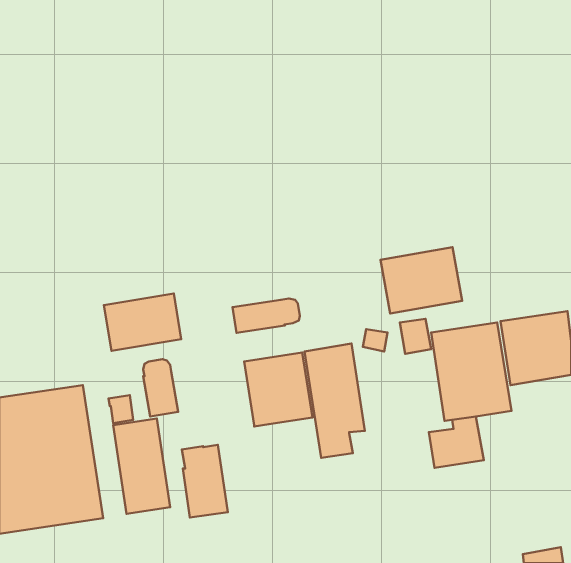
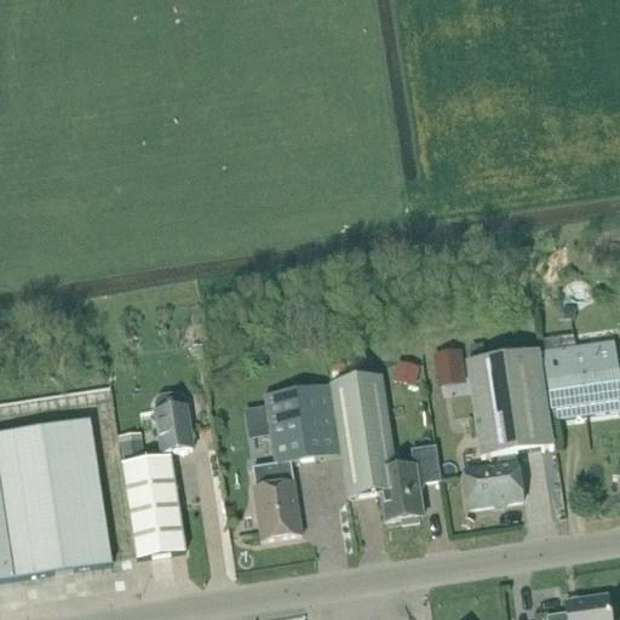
building: [381,247,462,314] -> none
building: [104,293,181,351] -> none
building: [232,299,300,333] -> none
building: none -> [378,442,440,522]
building: [182,445,228,518] -> [252,459,302,538]

